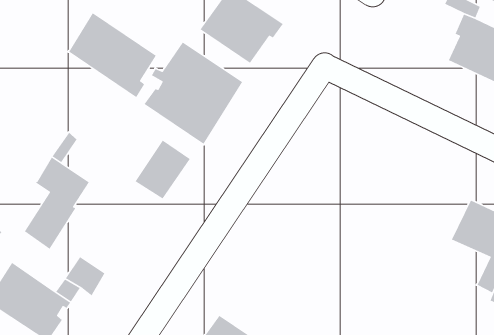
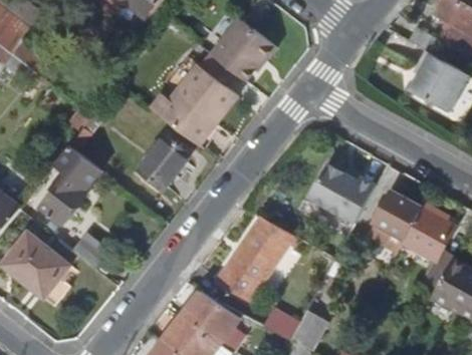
building: [68,12,157,98] -> none
building: none -> [308,163,376,223]
building: none -> [370,192,422,252]
building: none -> [216,219,298,304]

